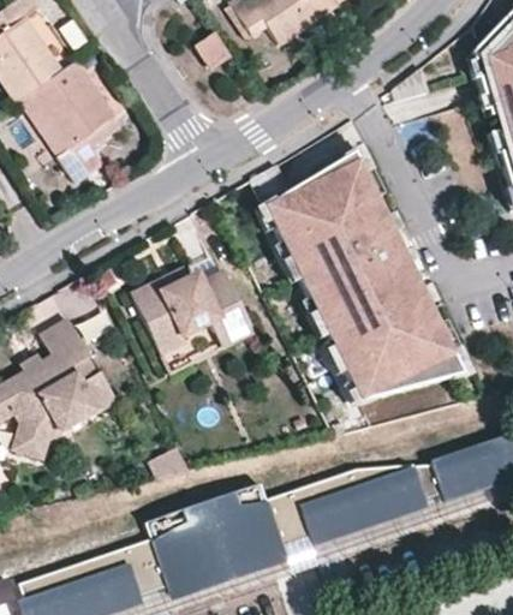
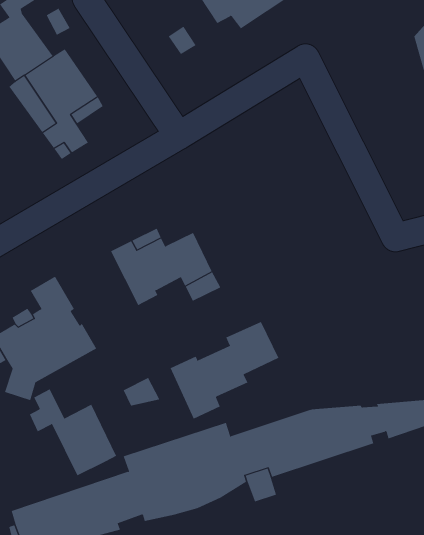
building: [266,151,463,398] -> none
building: none -> [170,321,279,420]
building: none -> [29,388,117,476]

